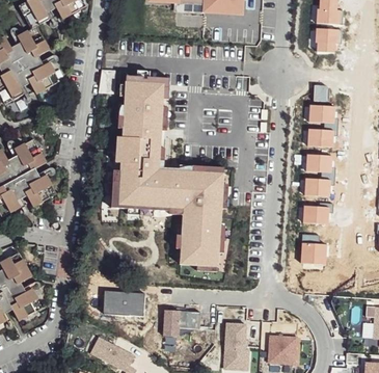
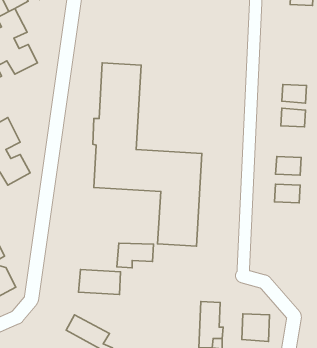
building: [314,27,340,52] -> none
building: [305,154,330,172] -> none
building: [300,243,325,262] -> none
building: [162,311,199,336] -> [117,243,154,268]

